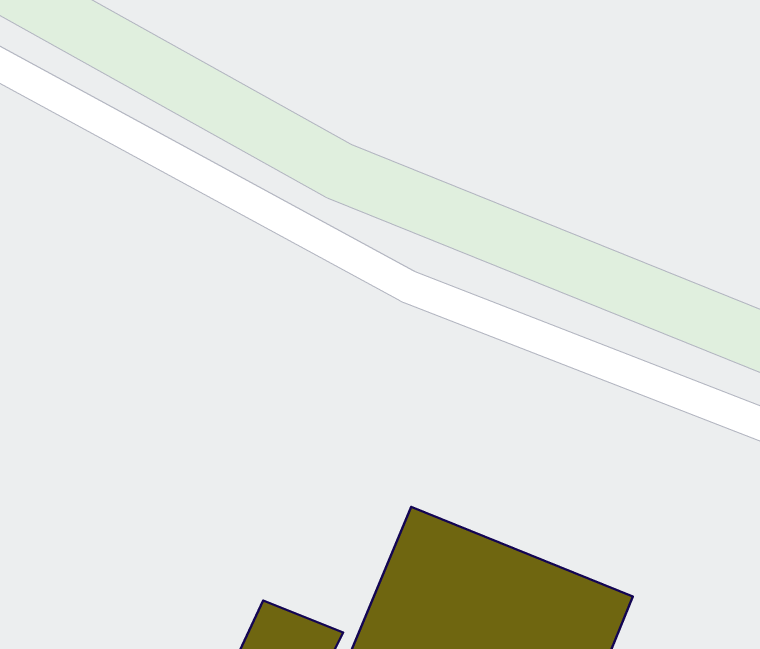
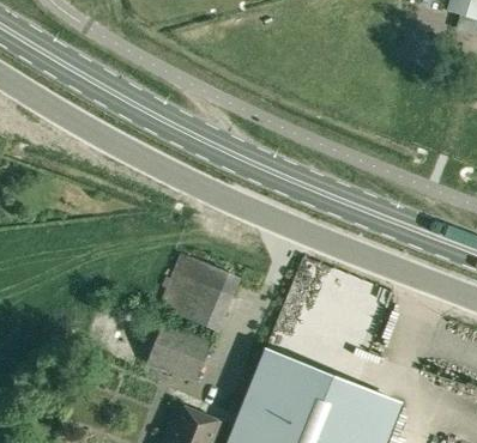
building: none -> [159,255,238,332]
building: none -> [146,323,212,383]

